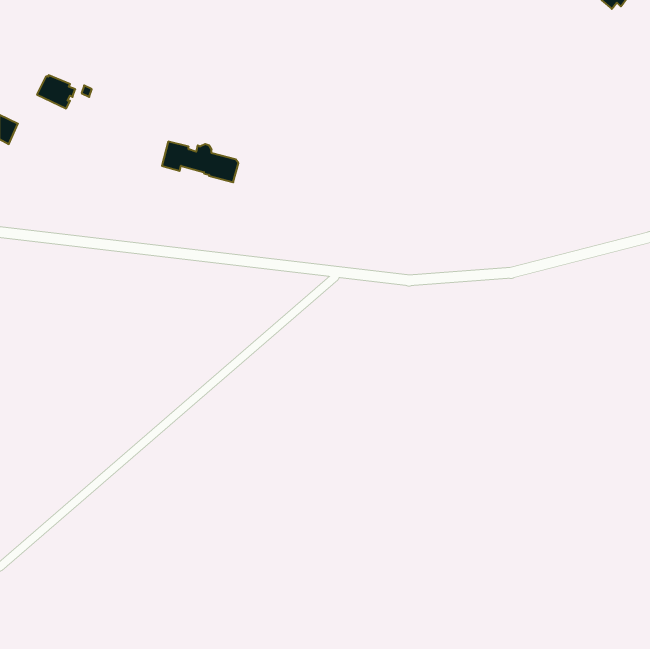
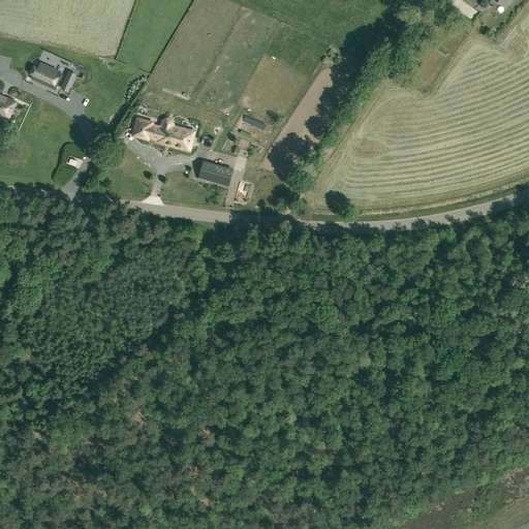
building: none -> [197,159,232,185]

